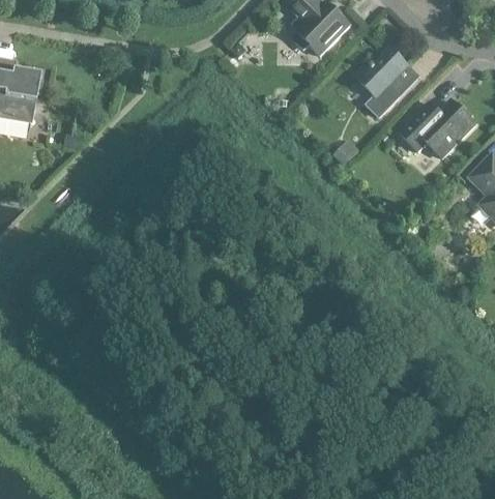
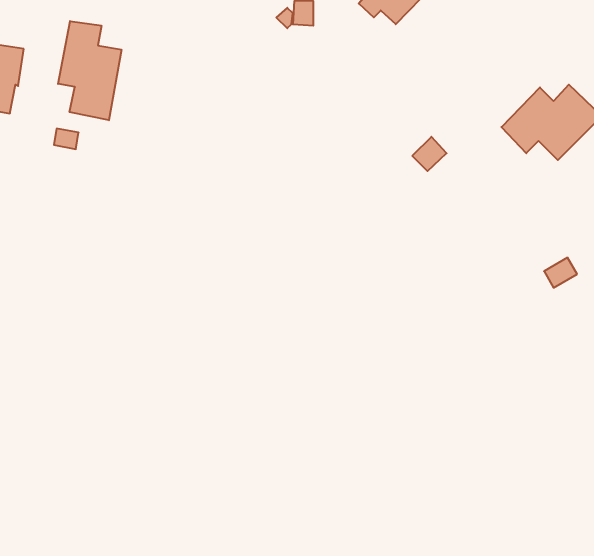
building: [358,48,407,116] -> none
building: none -> [58,21,121,120]

